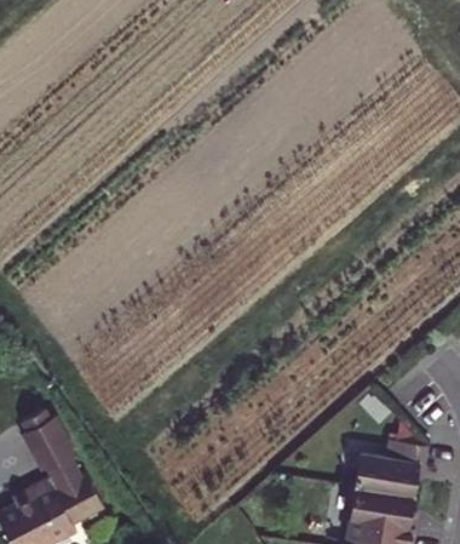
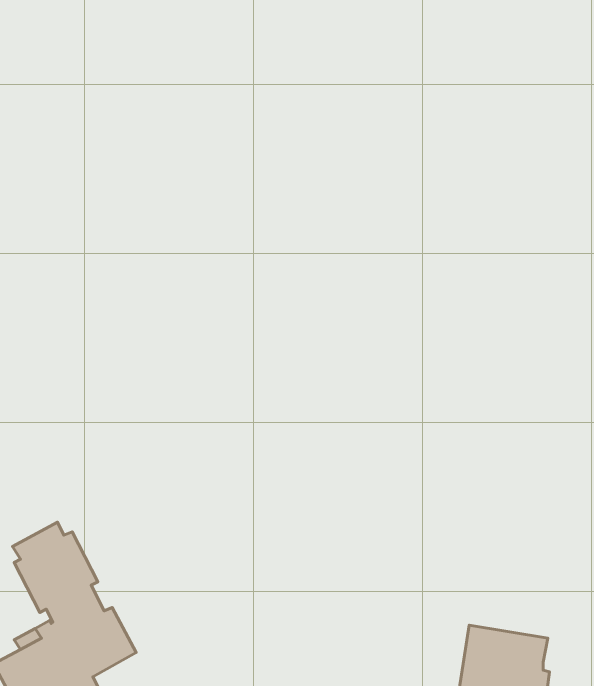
building: [355,442,427,498] -> none

